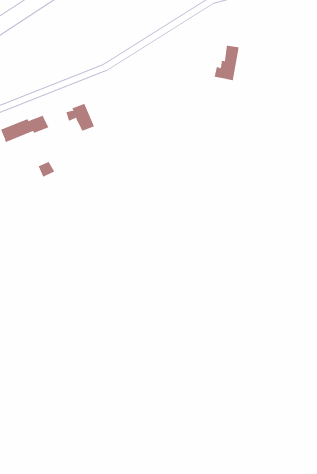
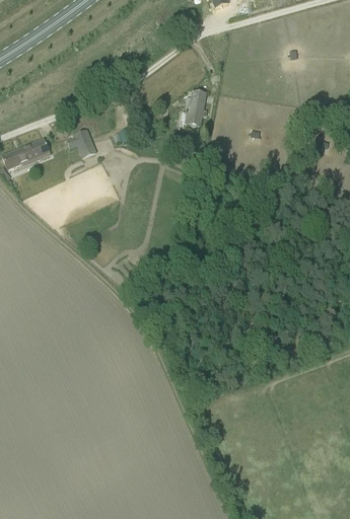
building: [214,45,239,81] -> [181,90,206,126]

